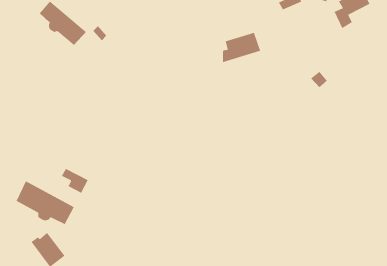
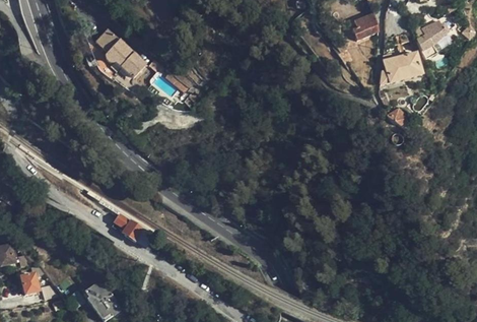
building: [222,32,261,63] -> [379,52,421,86]
building: [15,180,75,225] -> none

